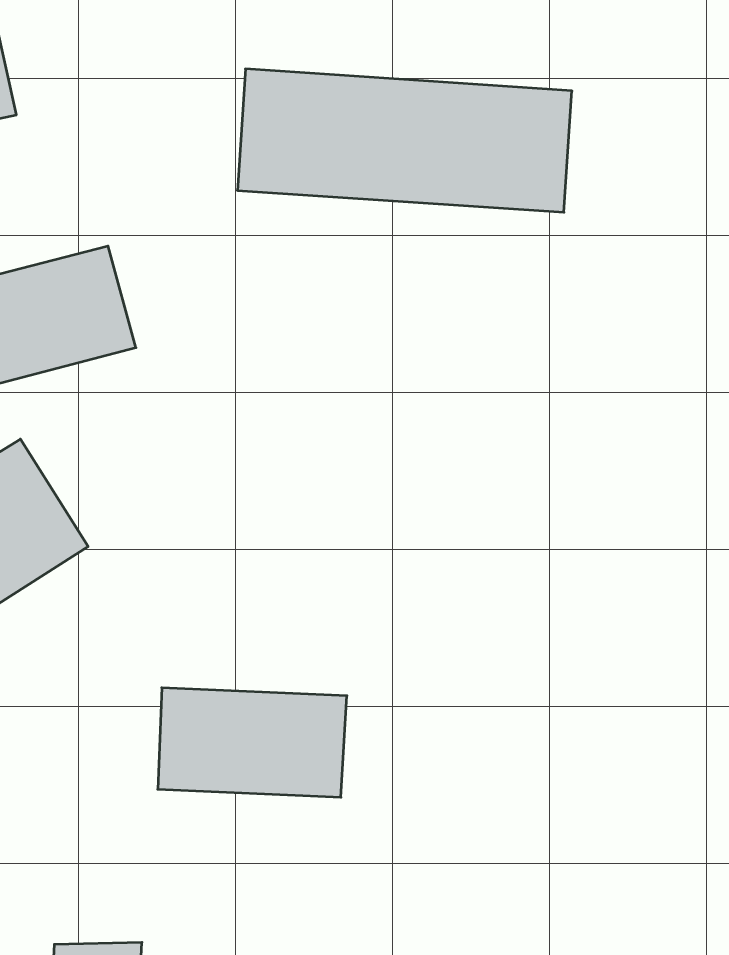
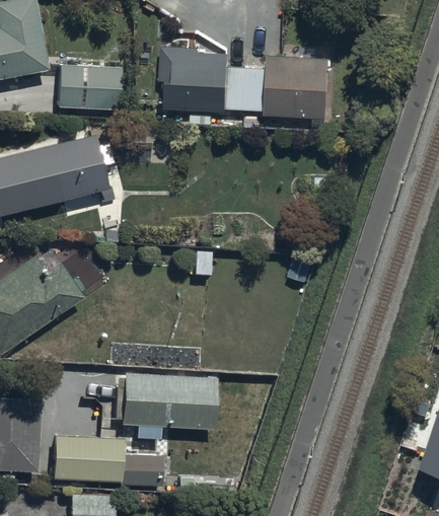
building: none -> [60,66,122,109]
building: none -> [50,401,160,485]

